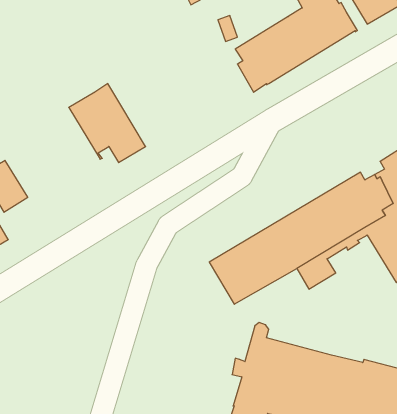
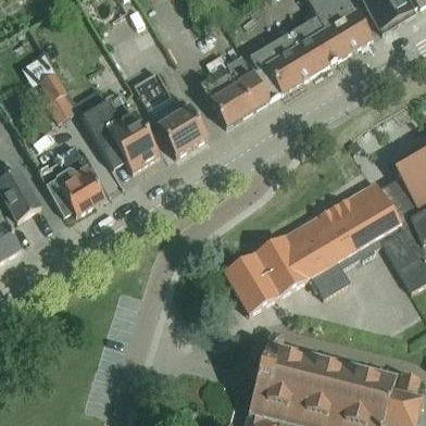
building: none -> [201,54,268,125]
building: none -> [134,71,208,155]
building: none -> [40,72,76,122]
building: none -> [39,143,105,214]

